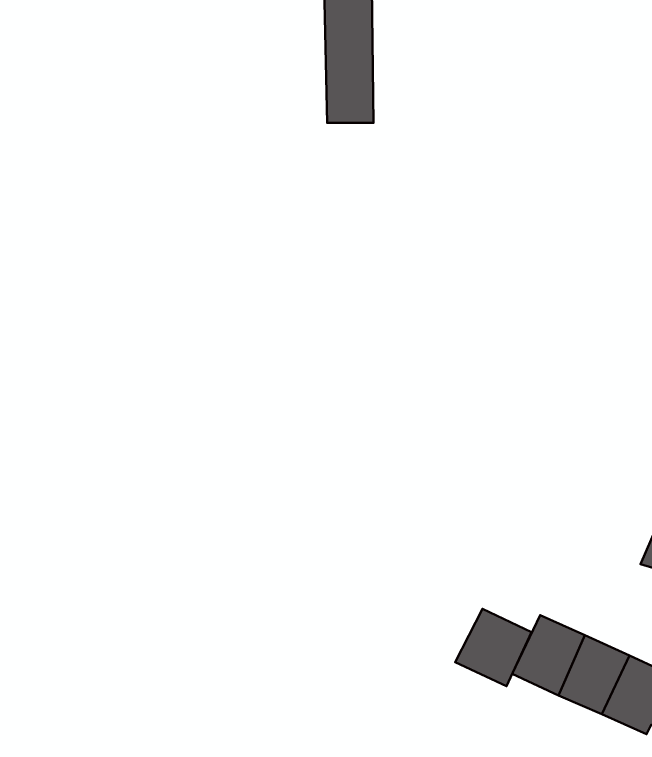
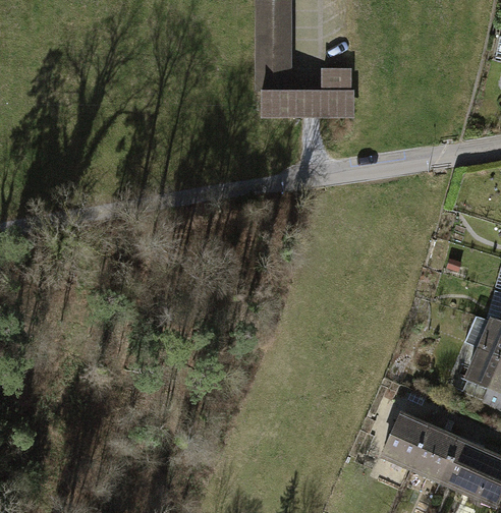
building: none -> [261,66,348,117]
building: [455,609,531,686] -> none

